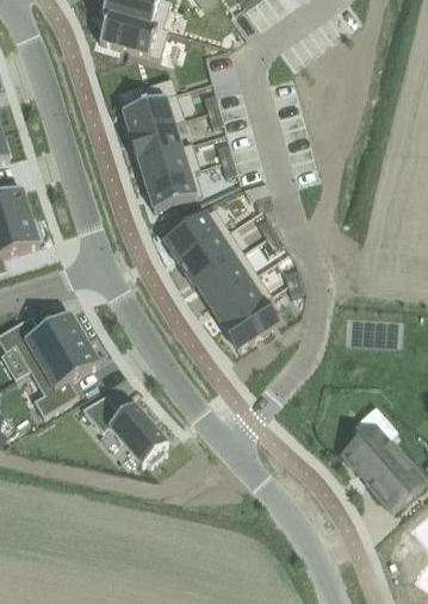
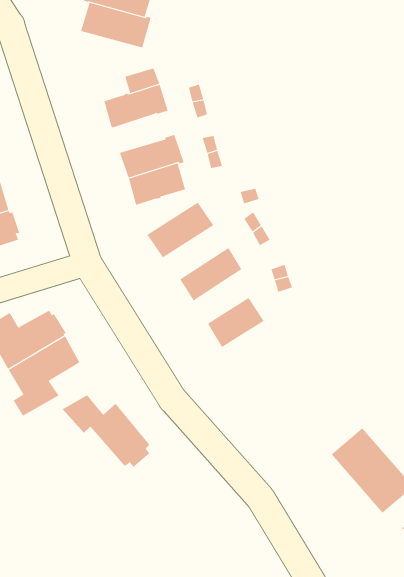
building: [128,120,181,161] -> none
building: [179,229,243,284] -> none
building: [209,272,272,324] -> none

